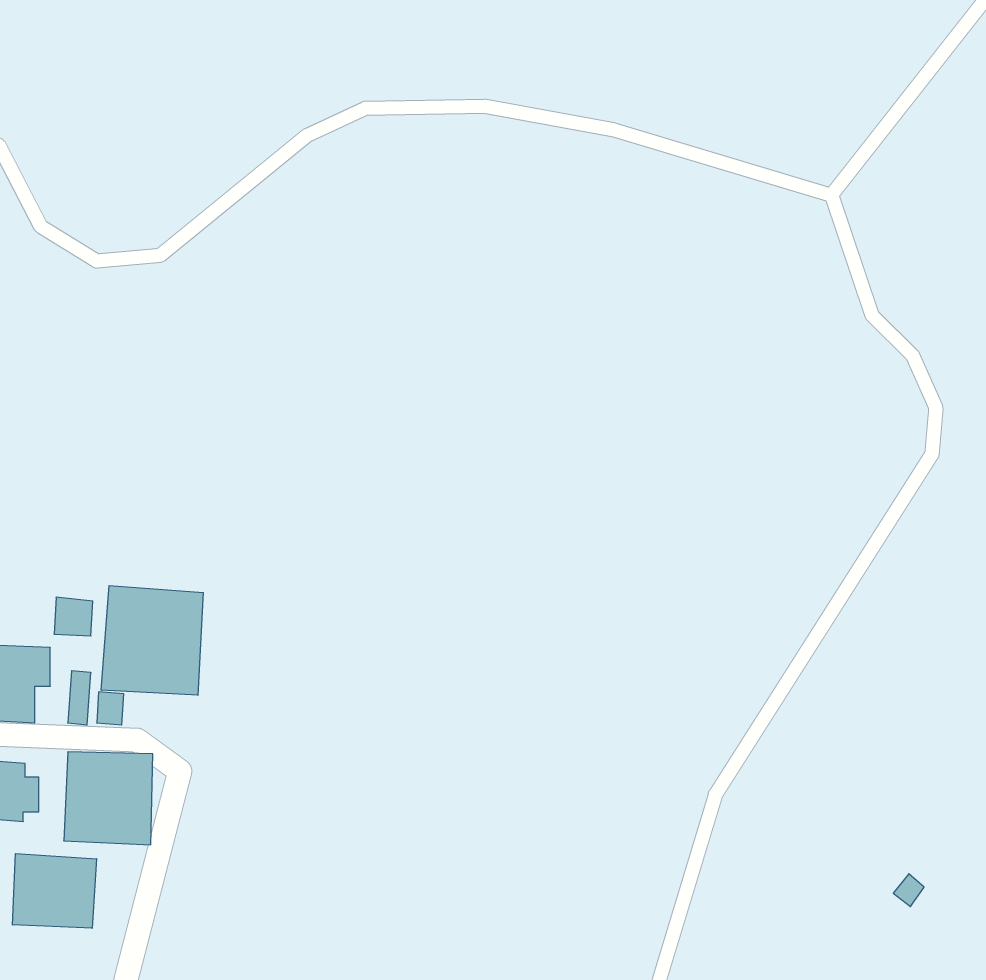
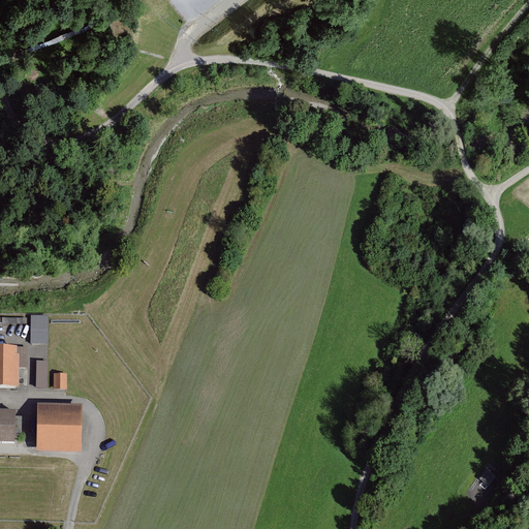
building: [101,586,203,695] -> none
building: [13,854,97,928] -> none

